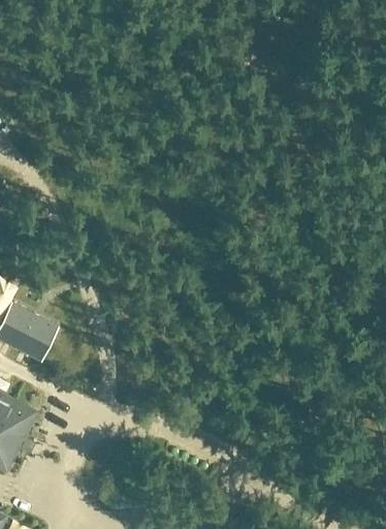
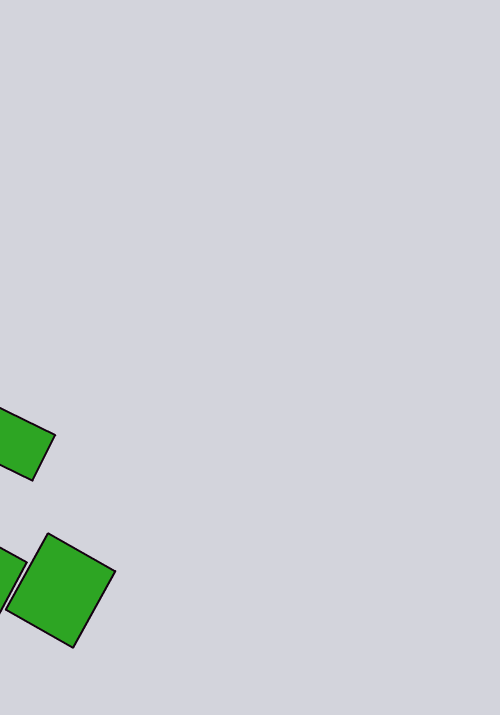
building: none -> [6,533,115,648]

